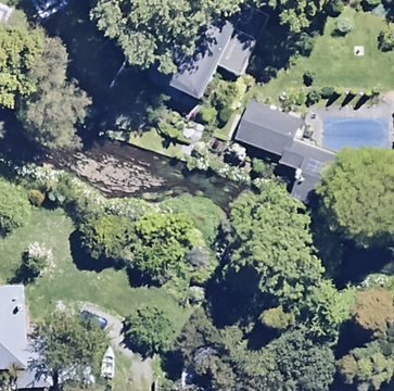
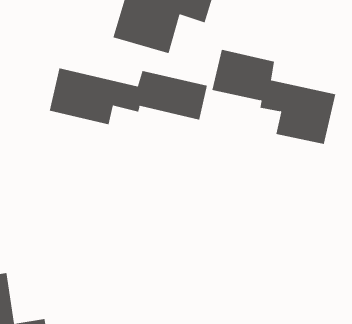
building: none -> [49,67,208,125]

